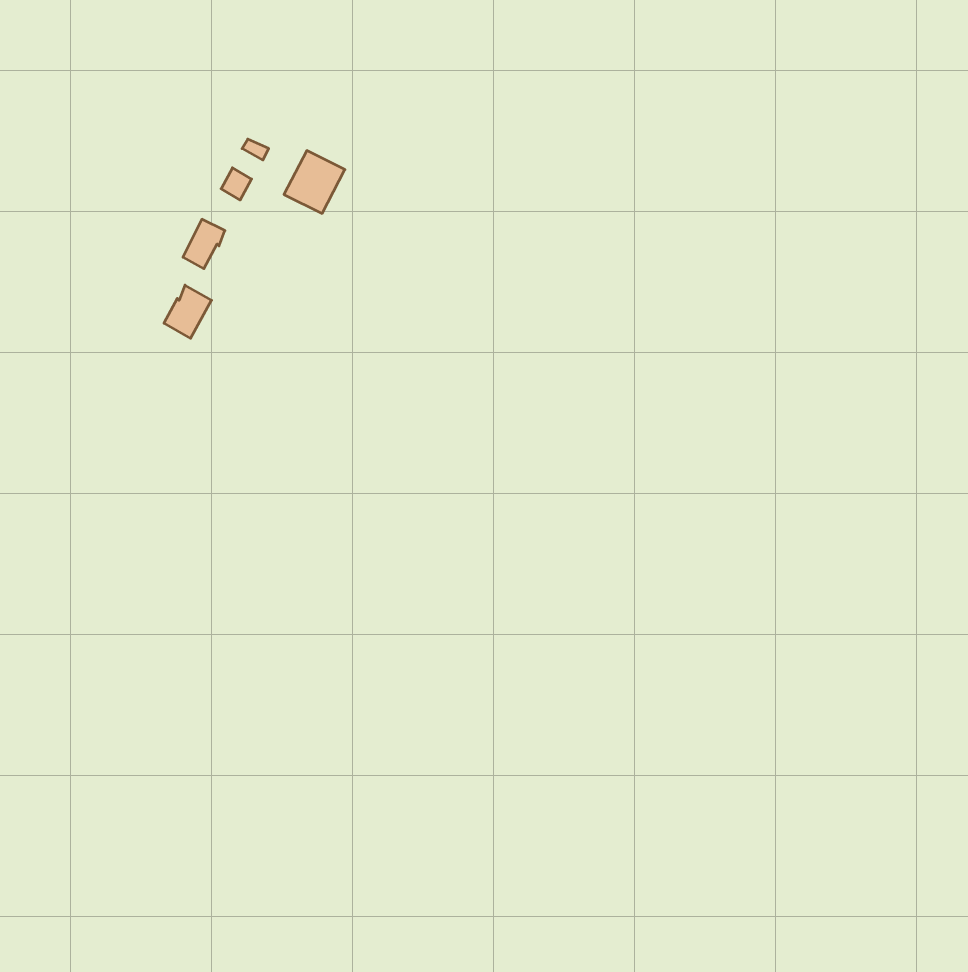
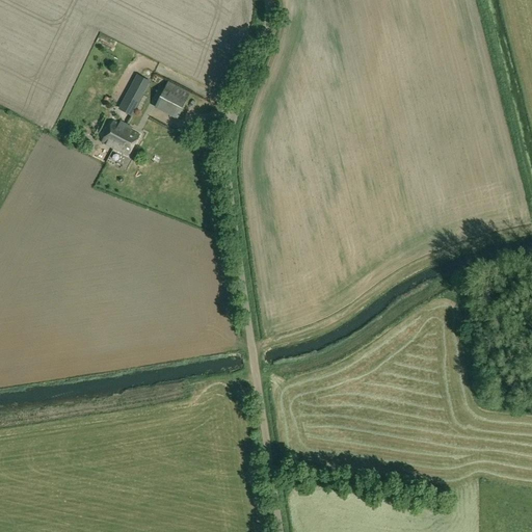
building: [164,285,212,338] -> [111,126,137,155]

